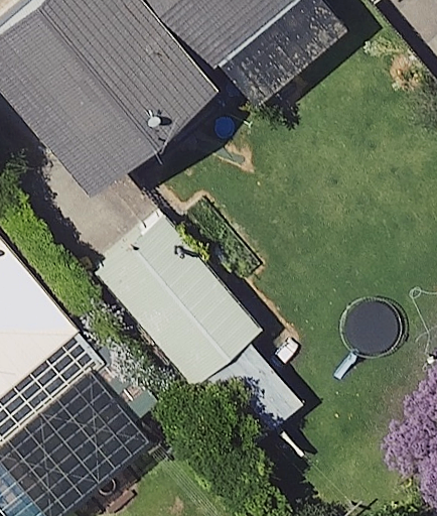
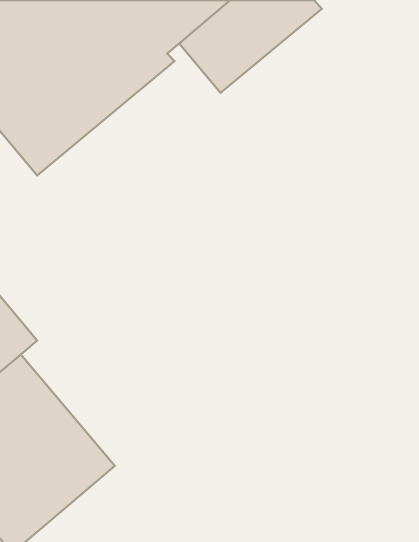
building: [93,215,262,390] -> none

